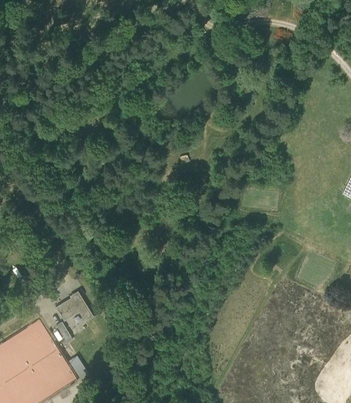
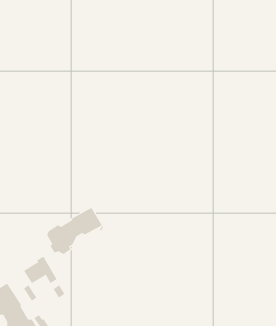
building: none -> [46,207,104,255]

